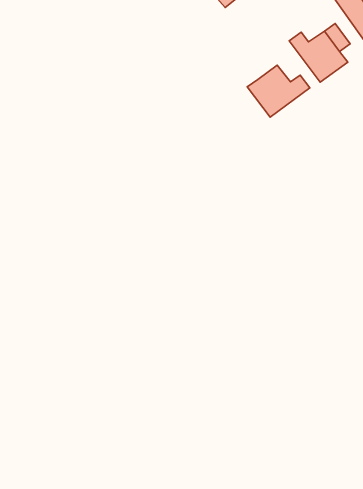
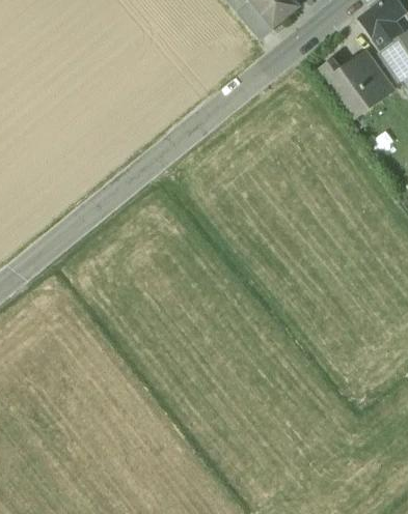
building: [247,65,310,117] -> none

